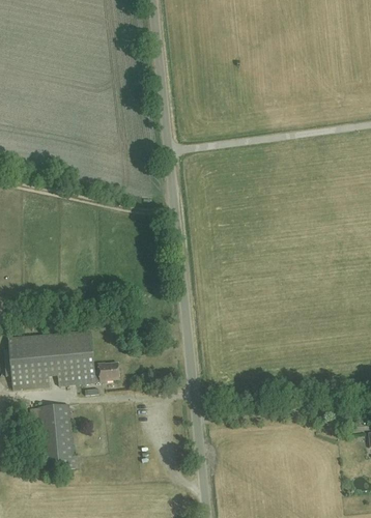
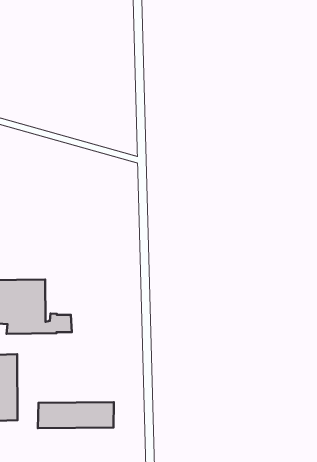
building: none -> [38,402,114,428]

